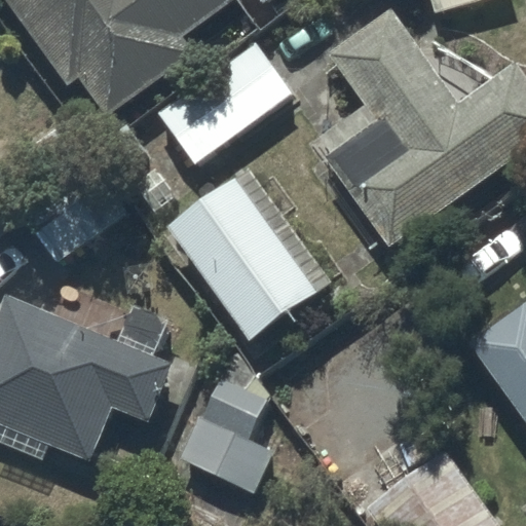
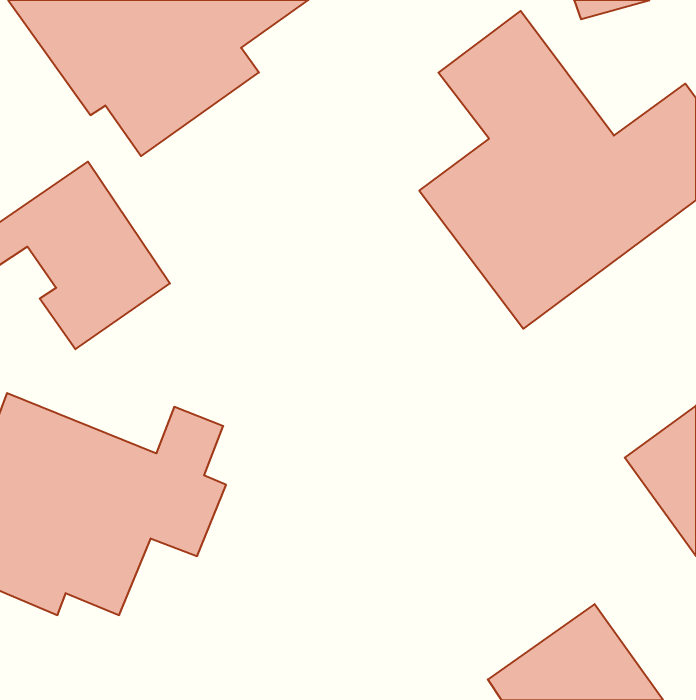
building: [156,43,292,162] -> none
building: [167,168,332,342] -> none
building: [181,378,270,492] -> none

